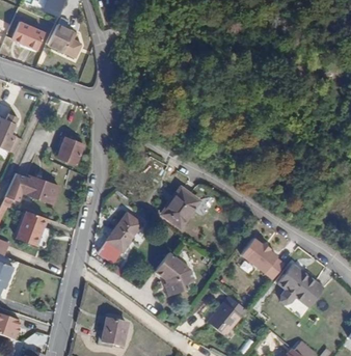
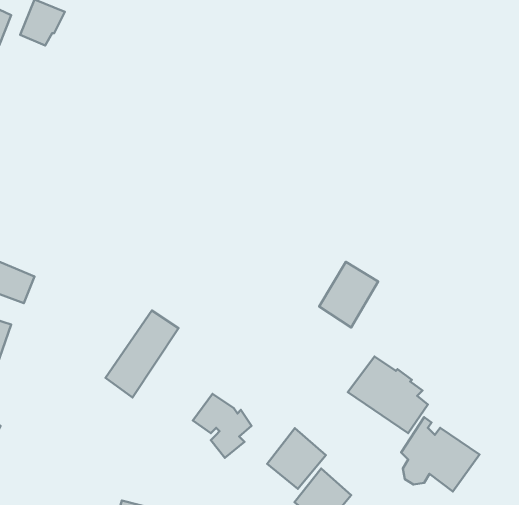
building: [57,138,84,164] -> none
building: [160,184,194,222] -> [319,262,378,328]
building: none -> [267,428,326,489]

